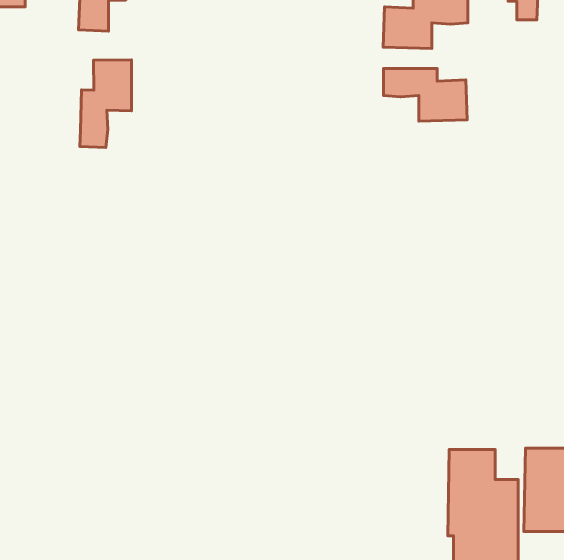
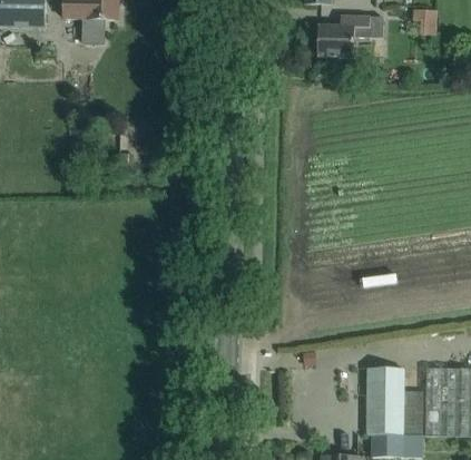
building: [80,60,131,147] -> none
building: [383,68,467,121] -> none

